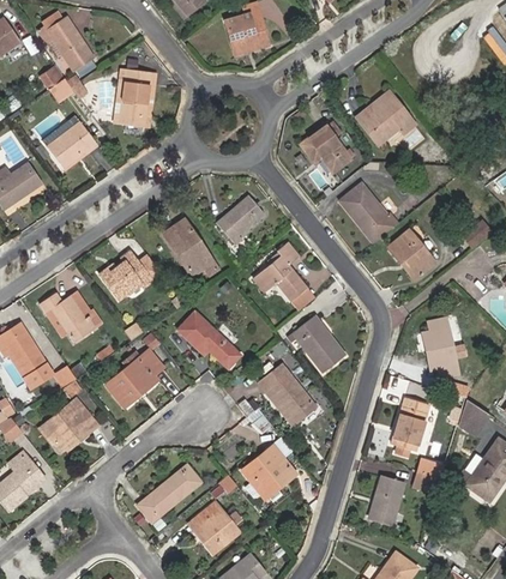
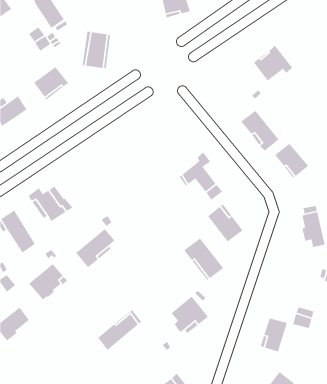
building: [301,126,351,173] -> none
building: [217,195,263,245] -> none
building: [163,219,218,276] -> none
building: [100,251,152,300] -> none
building: [177,312,240,367] -> none
building: [391,398,430,457] -> none
building: [193,502,237,553] -> none

